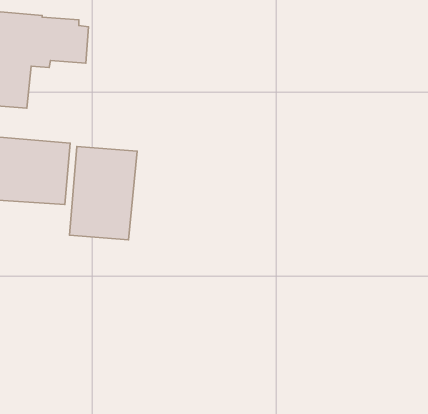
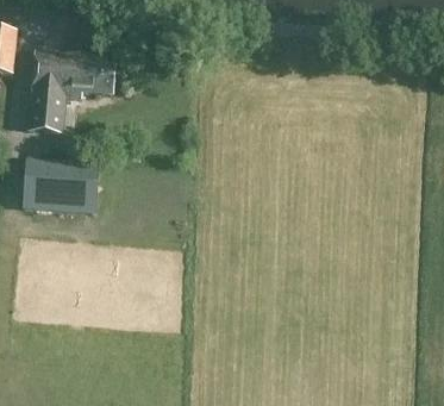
building: [69,146,137,240] -> none

